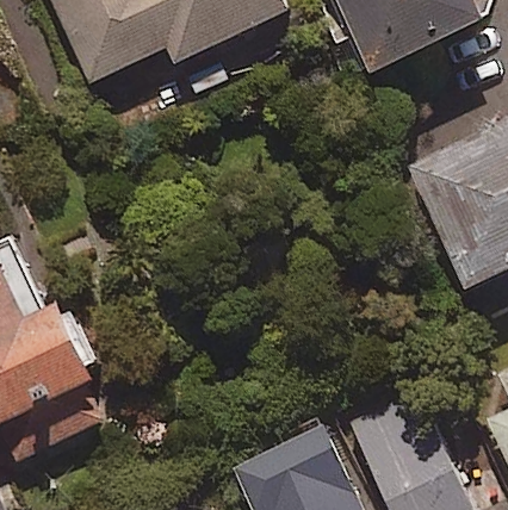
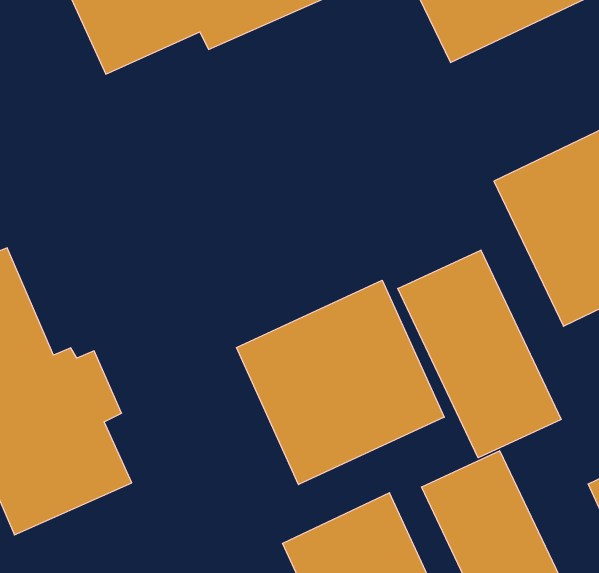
building: none -> [398,250,561,458]
building: none -> [236,280,444,485]

